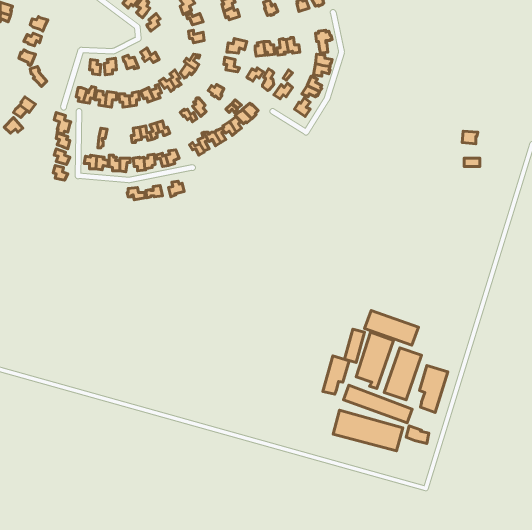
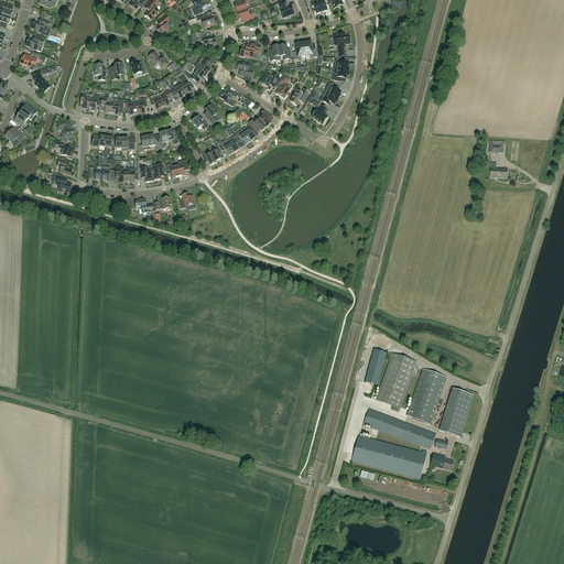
building: [364,311,419,345] -> none
building: [323,356,349,394] -> none

